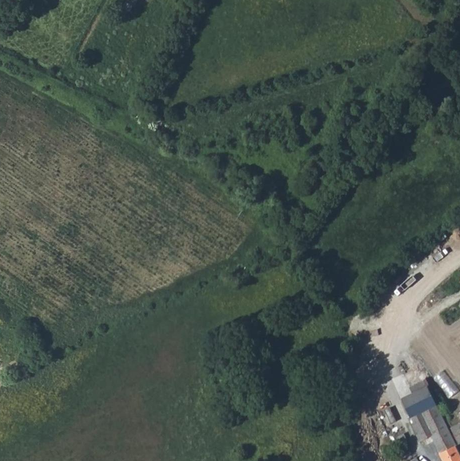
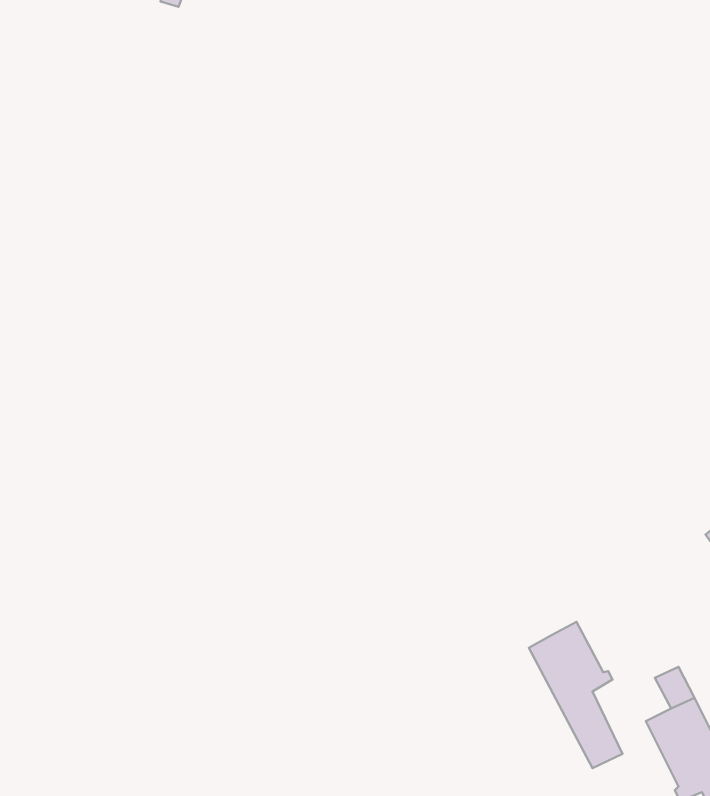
building: none -> [529,622,623,768]

